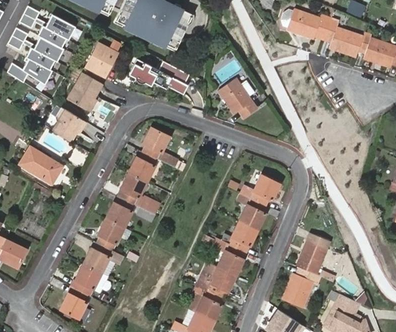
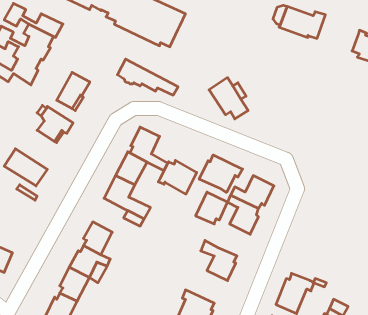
building: [323,17,363,56] -> none
building: [85,42,117,75] -> none
building: none -> [199,155,243,192]
building: none -> [158,160,197,194]
building: [105,195,135,228] -> none
building: [227,220,258,251] -> [196,192,228,224]
building: [295,234,329,275] -> none
building: [195,261,236,297] -> none

